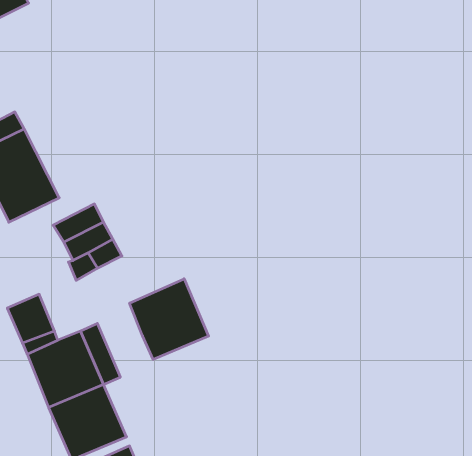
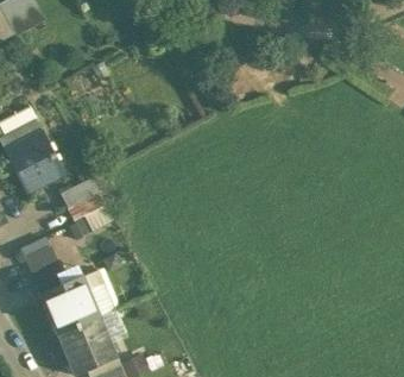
building: [130,279,209,359] -> none

